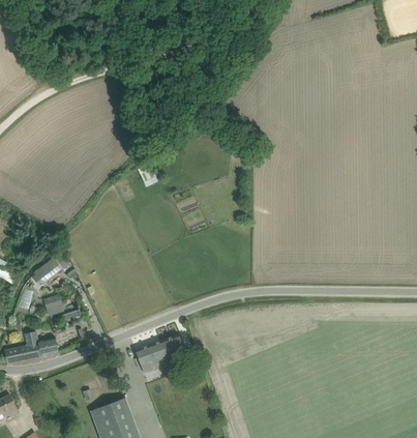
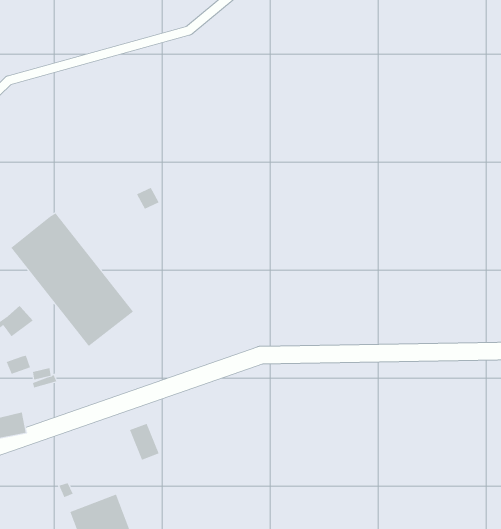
building: none -> [11,212,134,347]
building: [148,334,184,368] -> none

